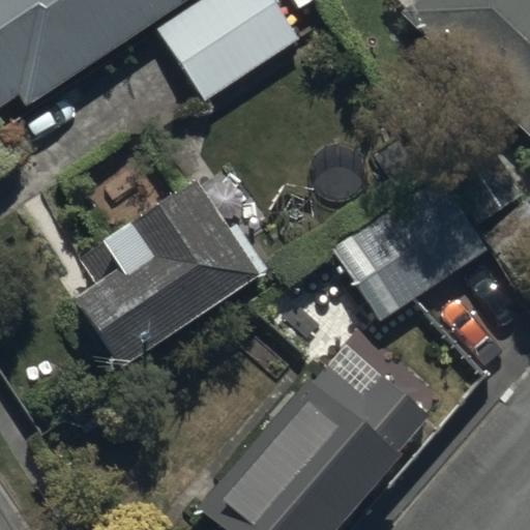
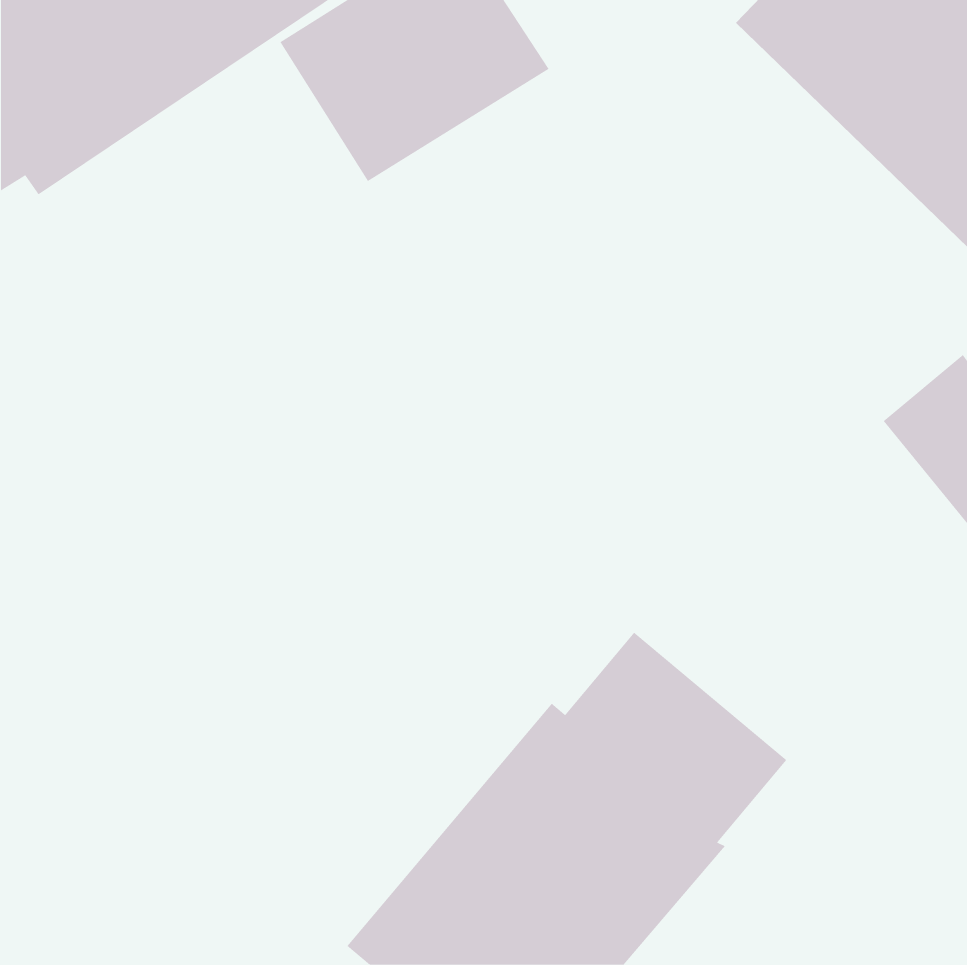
building: [334,174,490,318] -> none
building: [76,184,270,370] -> none

